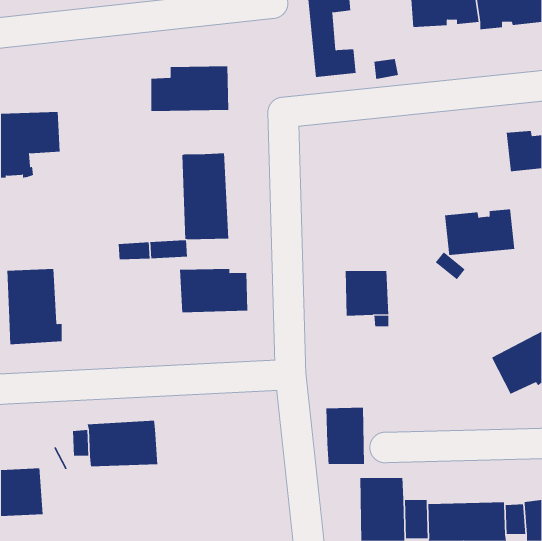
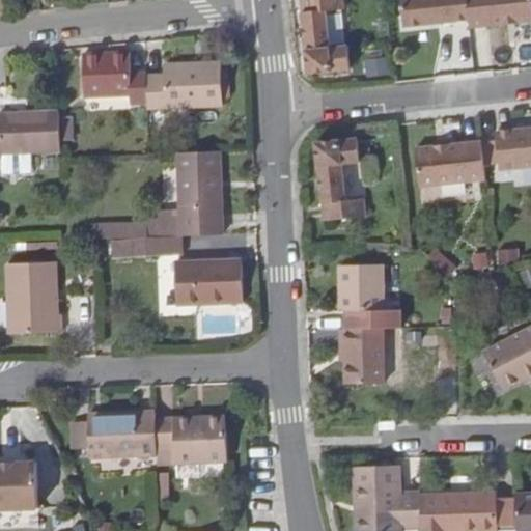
building: none -> [84,53,147,105]
building: none -> [314,136,362,218]
building: [444,209,515,255] -> [415,139,484,185]
building: [326,407,365,465] -> [343,325,382,381]
building: none -> [152,417,224,465]

